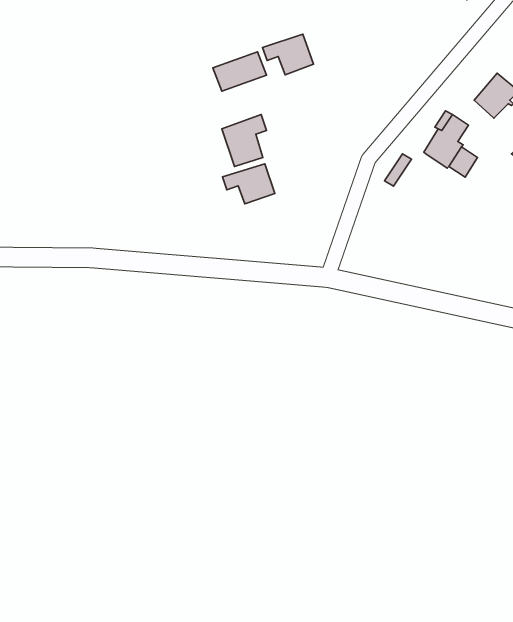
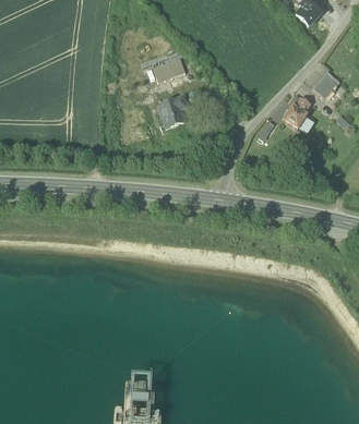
building: [263,34,313,75] -> none
building: [223,164,275,204] -> none

